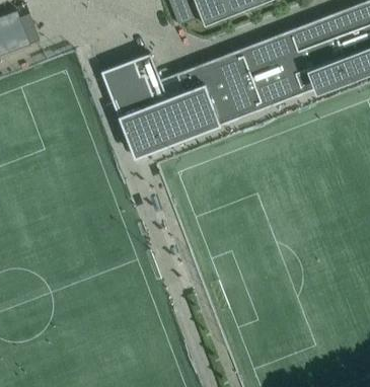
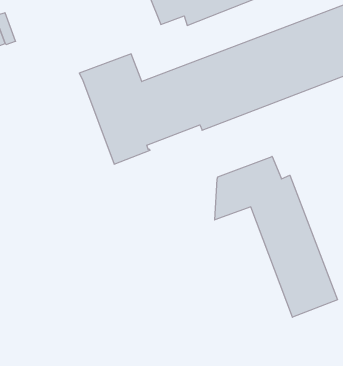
building: none -> [215,156,338,317]

